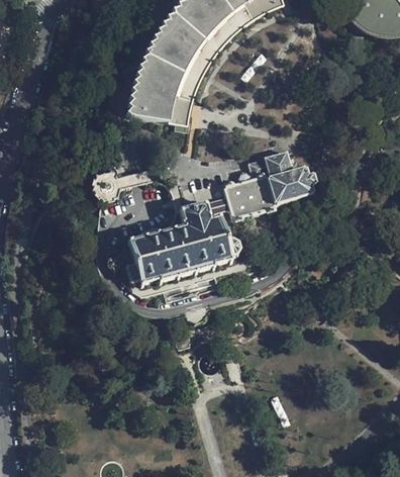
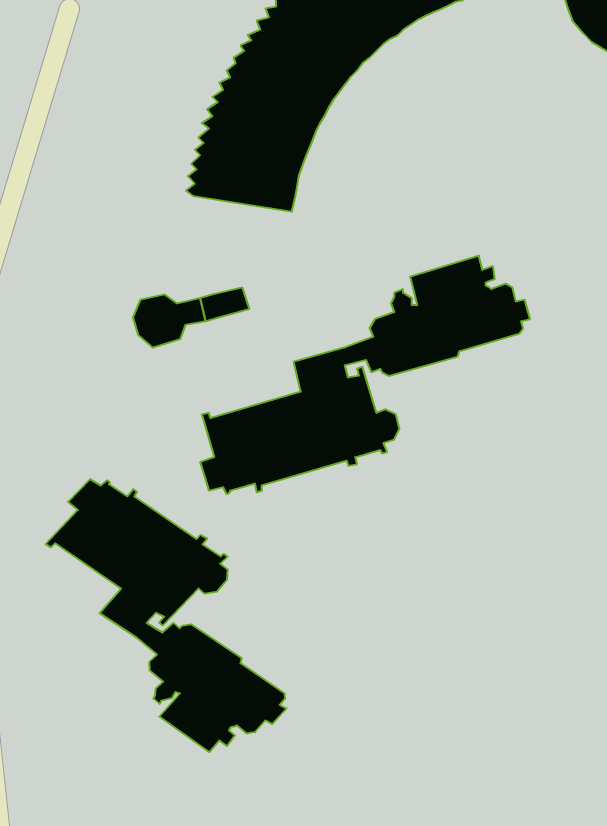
building: none -> [46,479,287,752]

